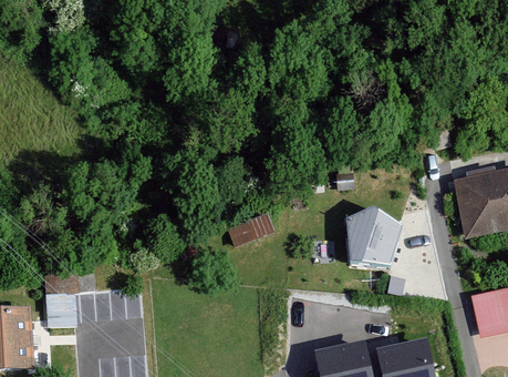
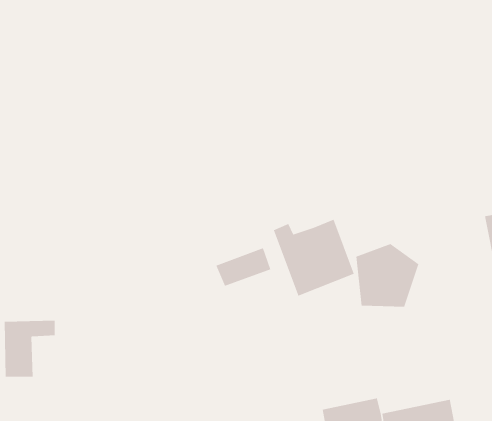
building: none -> [273,219,355,296]

